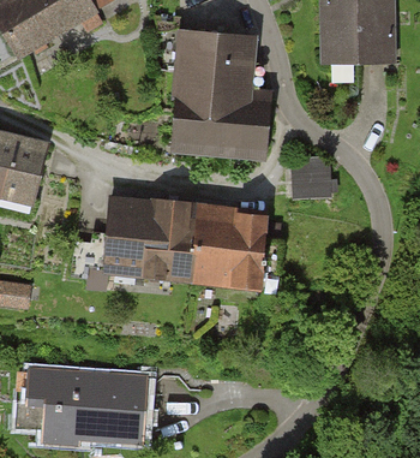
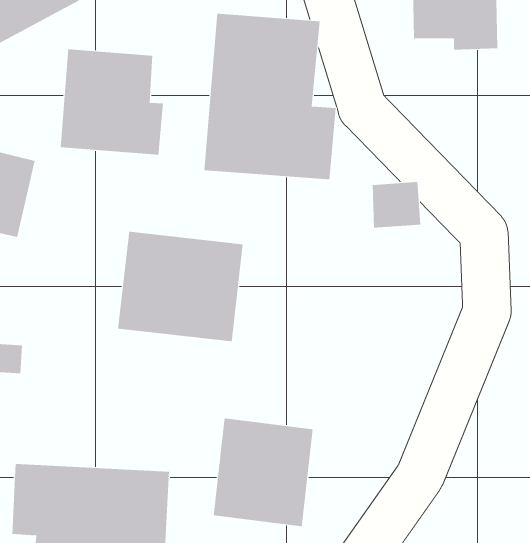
building: none -> [60,48,164,155]
building: [191,206,266,287] -> [213,418,314,527]

